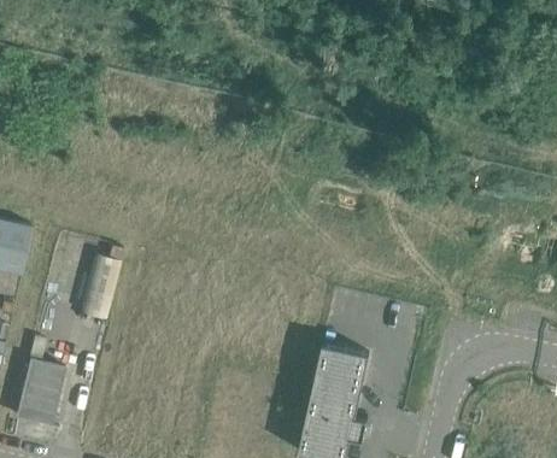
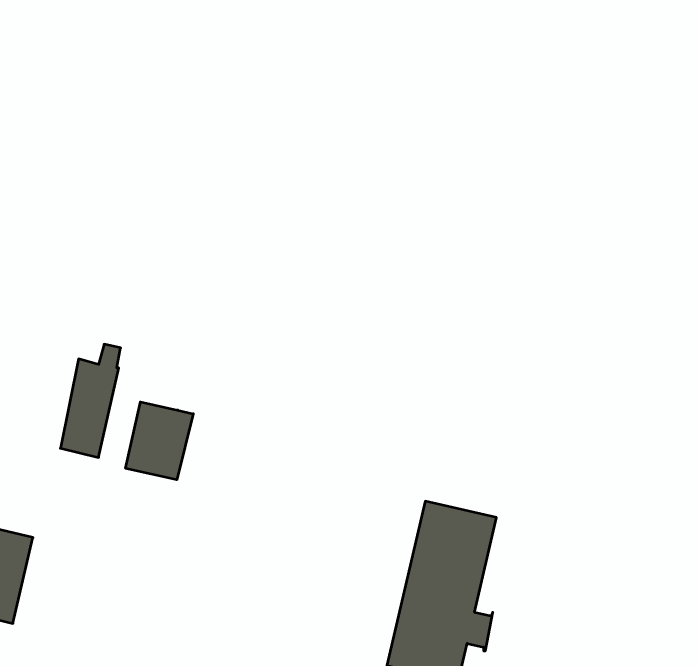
building: none -> [126,402,193,480]

